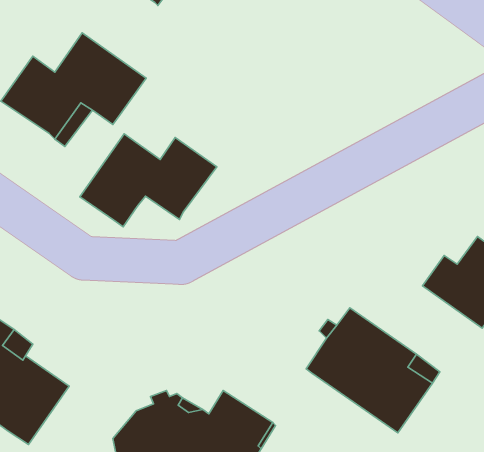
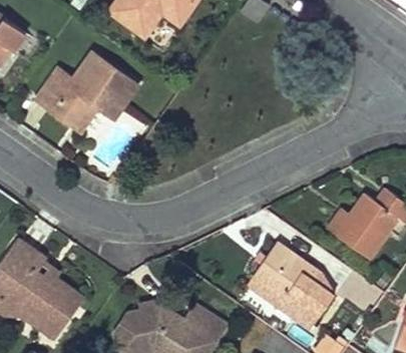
building: [80,134,217,227] -> none

